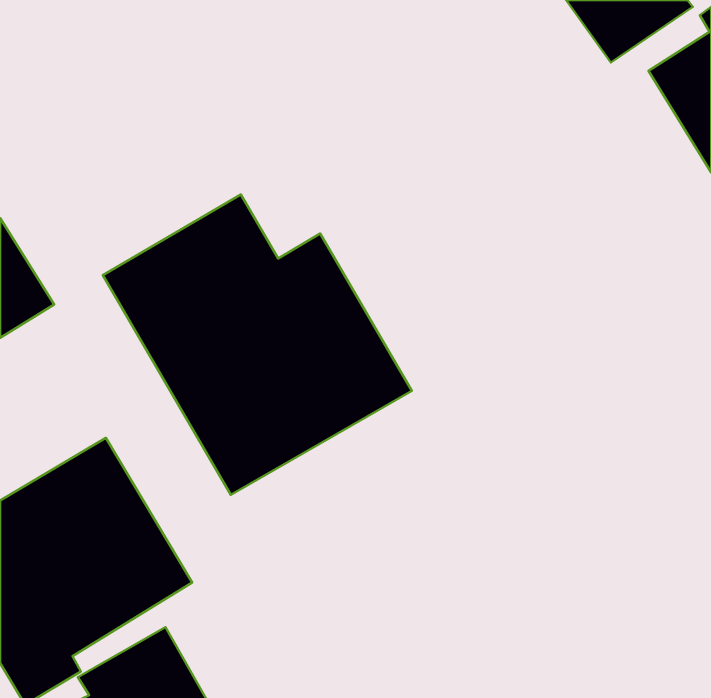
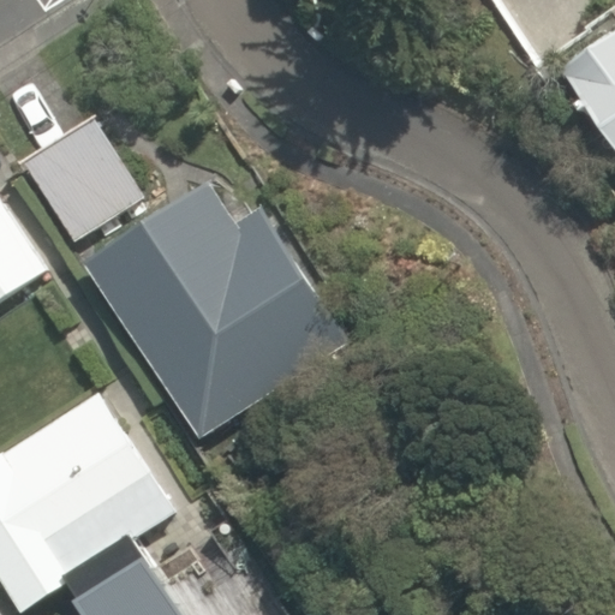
building: none -> [17,114,143,247]

